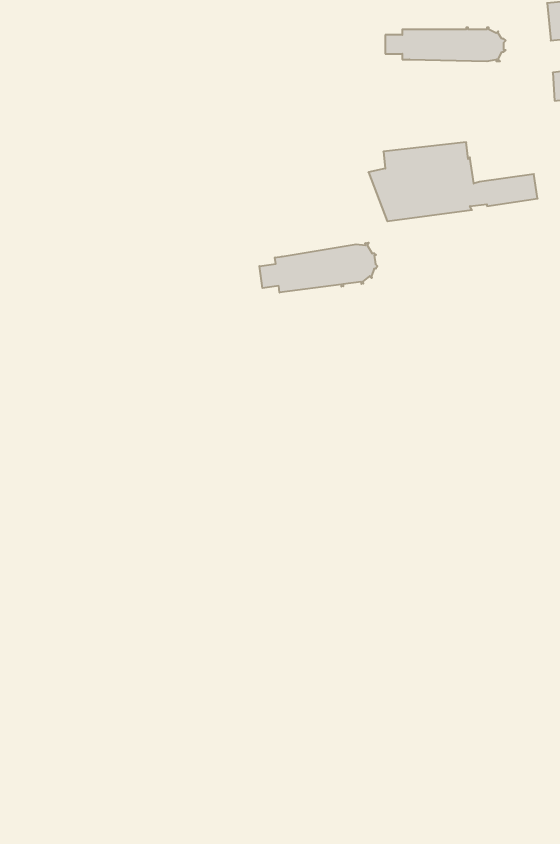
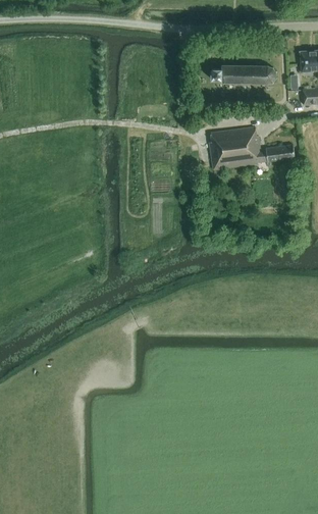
building: [259,243,377,293] -> none

